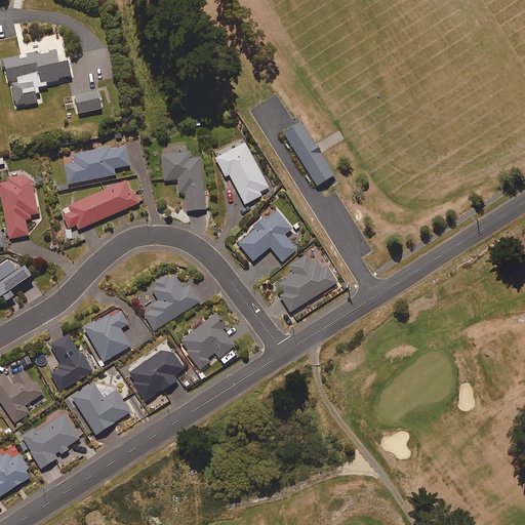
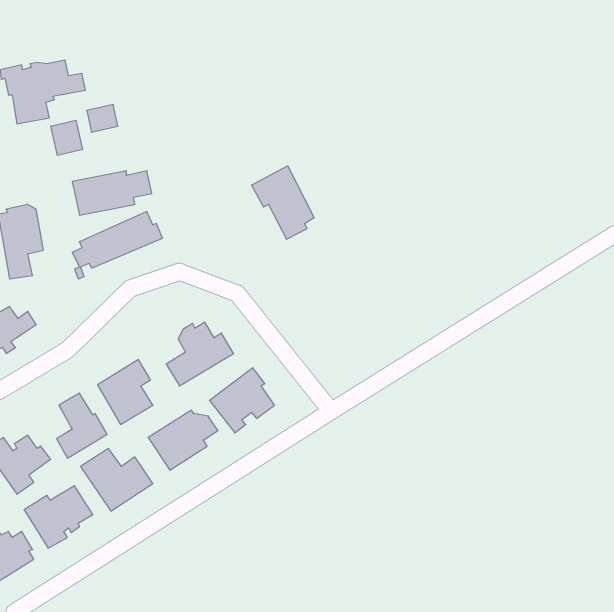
building: none -> [51,120,82,155]
building: [282,119,333,184] -> none
building: [161,151,205,211] -> none
building: [238,210,296,261] -> none
building: [272,255,336,312] -> none

